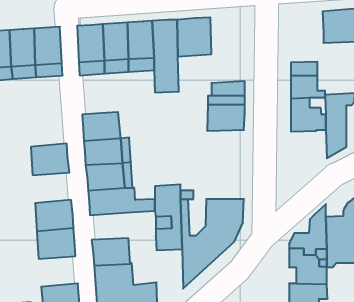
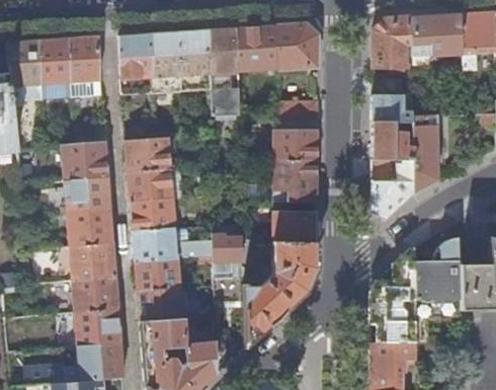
building: none -> [373,18,411,67]
building: none -> [277,24,318,69]
building: none -> [62,143,107,179]
building: none -> [241,159,317,201]
building: none -> [371,159,415,218]
building: none -> [67,210,112,246]
building: none -> [272,211,317,241]
building: none -> [135,257,180,290]
building: none -> [74,309,120,345]

